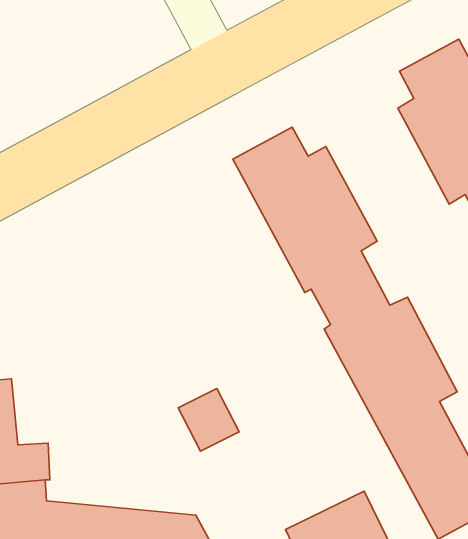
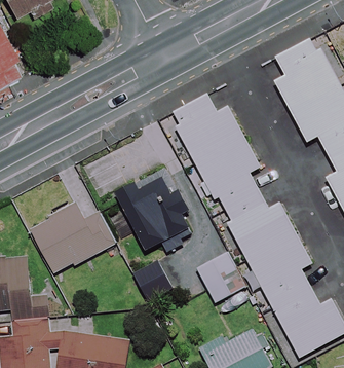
building: none -> [118,170,209,253]
building: none -> [32,205,115,275]
building: none -> [197,252,246,303]

